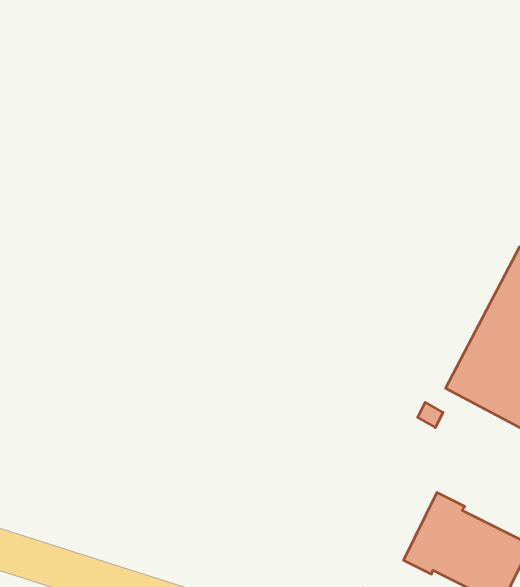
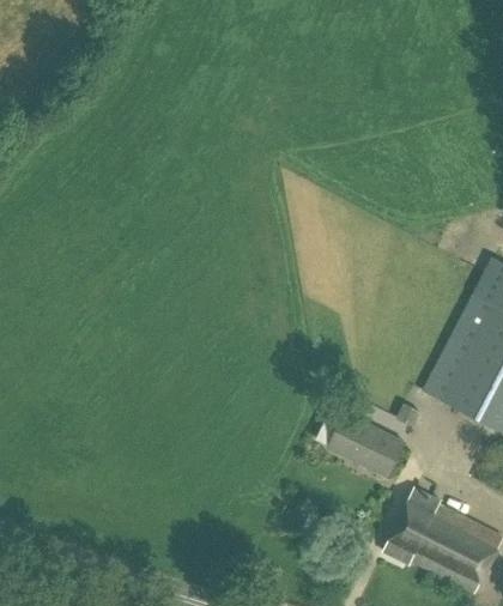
building: none -> [315,408,405,478]

